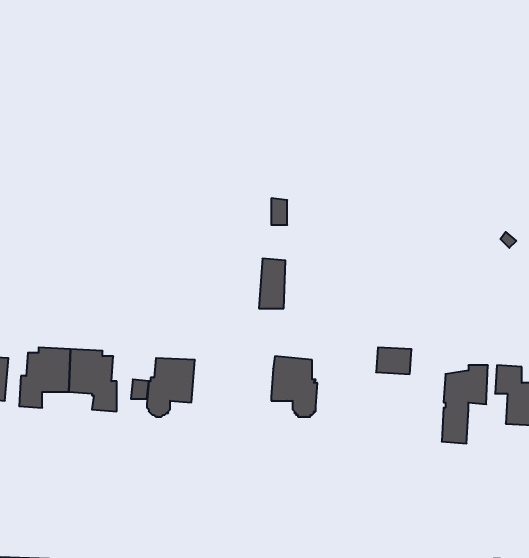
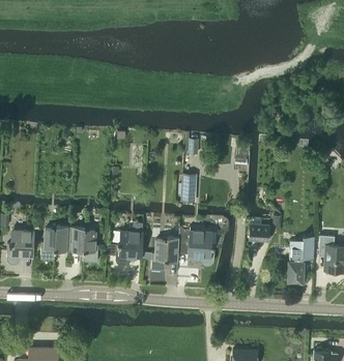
building: none -> [150,237,178,271]

